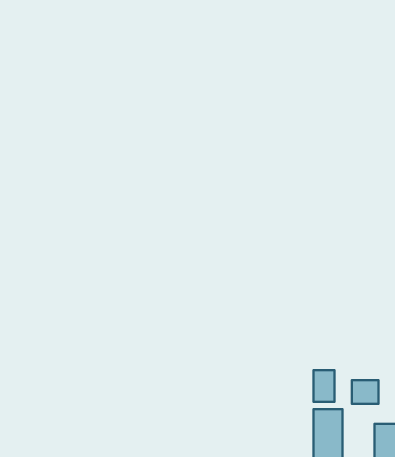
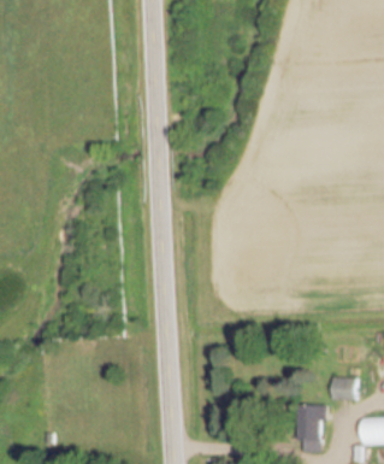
building: [314,370,334,402] -> none

